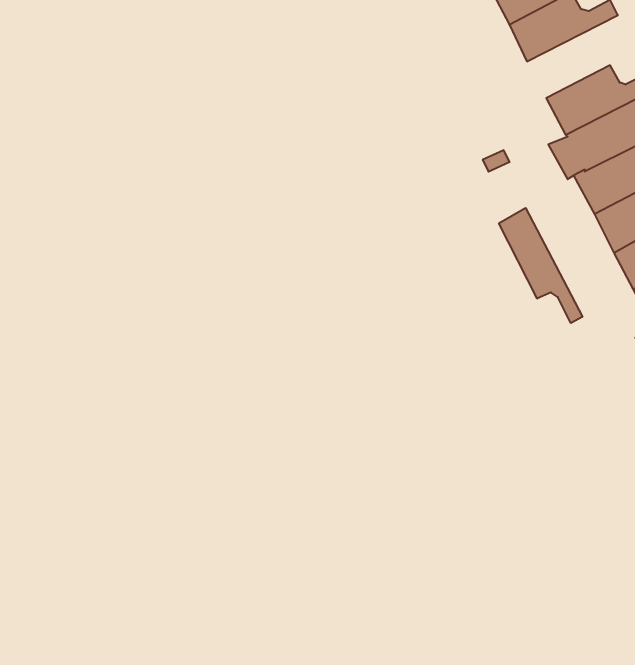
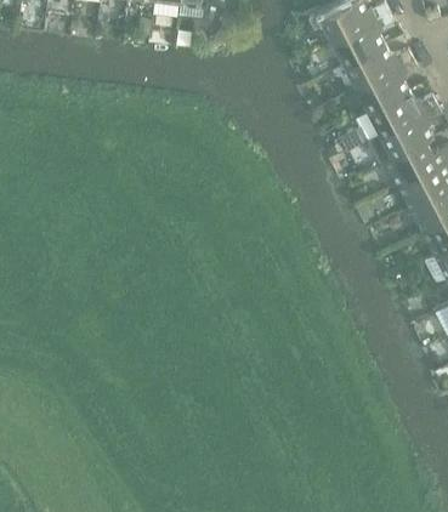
building: none -> [357,56,419,108]
building: [499,208,582,323] -> none

